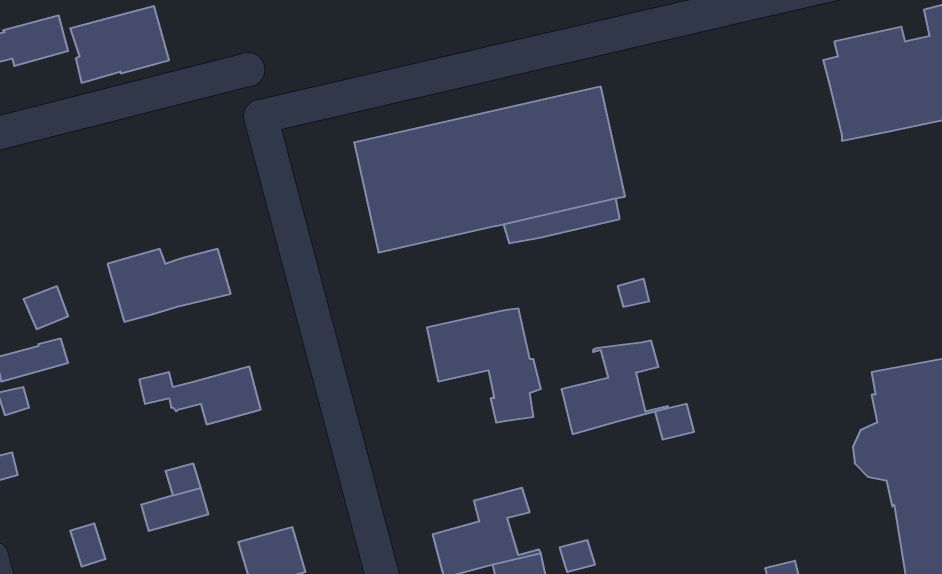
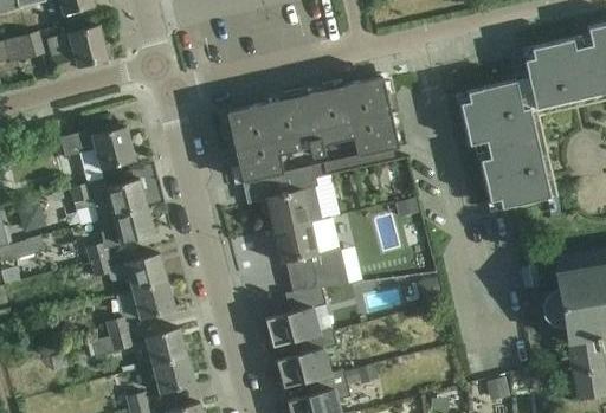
building: none -> [459,77,554,207]
building: none -> [60,125,135,169]
building: none -> [265,164,321,228]
building: none -> [86,207,155,262]
building: [561,341,668,434] -> [265,288,333,347]
building: none -> [133,280,175,318]
building: none -> [146,328,187,364]

